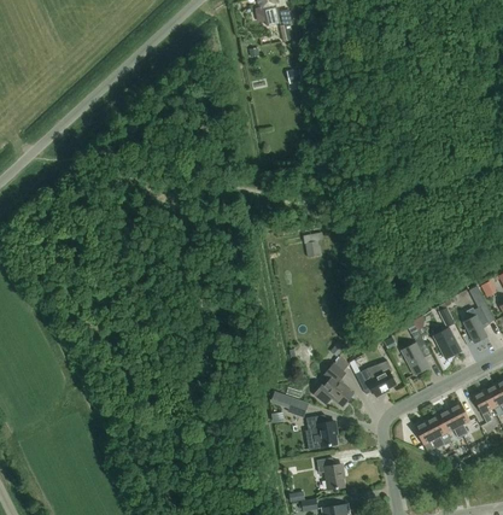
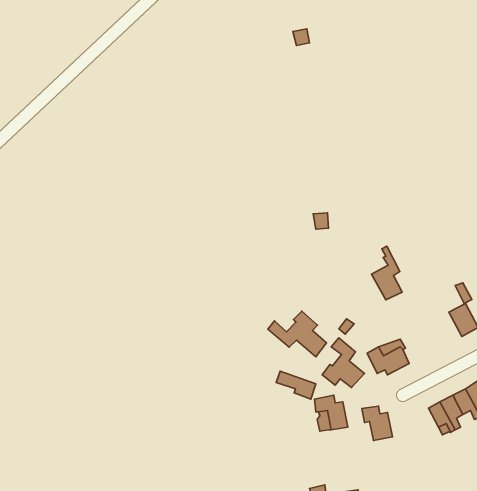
building: [400,323,429,374] -> [372,246,402,300]
building: none -> [268,311,326,357]
building: [316,457,345,490] -> [362,406,393,441]

